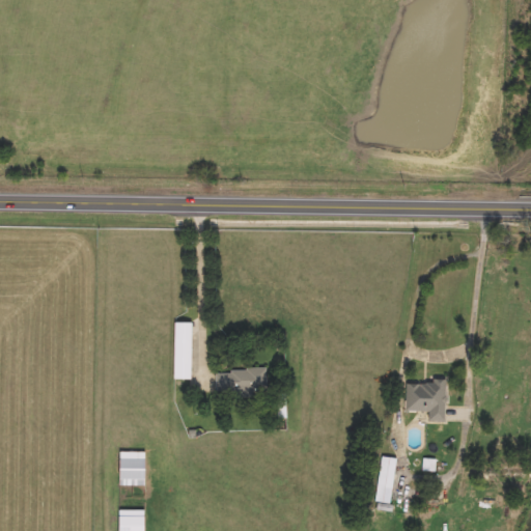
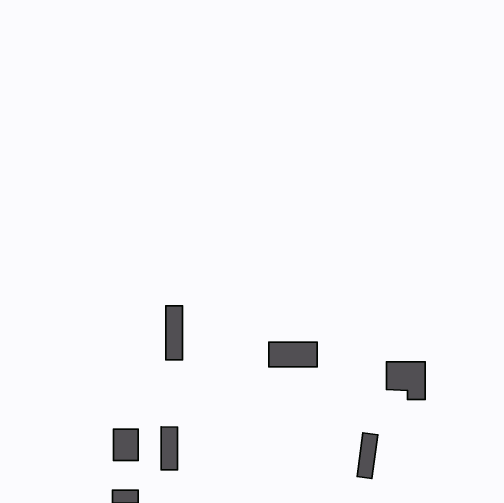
building: [217,368,268,394] -> [269,342,317,367]
building: none -> [161,427,177,470]

